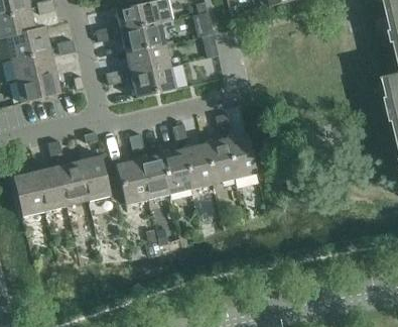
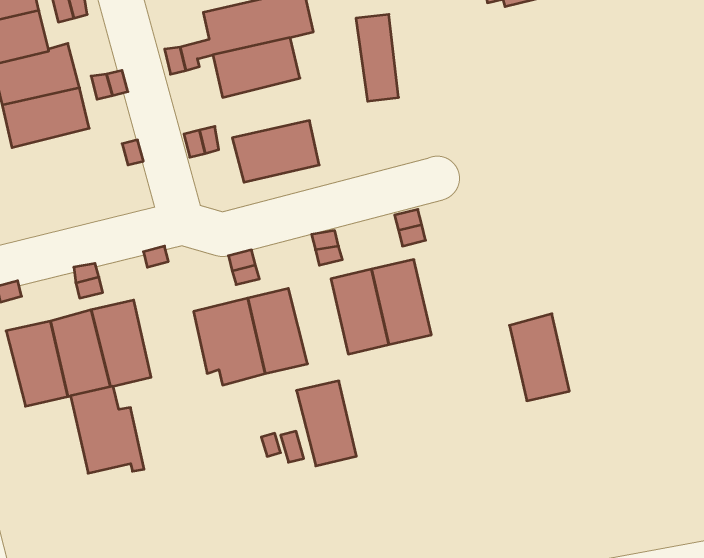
building: [125,43,170,75] -> none
building: [15,70,60,102] -> none
building: [225,132,256,178] -> [509,314,569,401]
building: [159,148,190,193] -> [296,381,356,466]
building: [79,154,117,200] -> [71,386,144,473]

